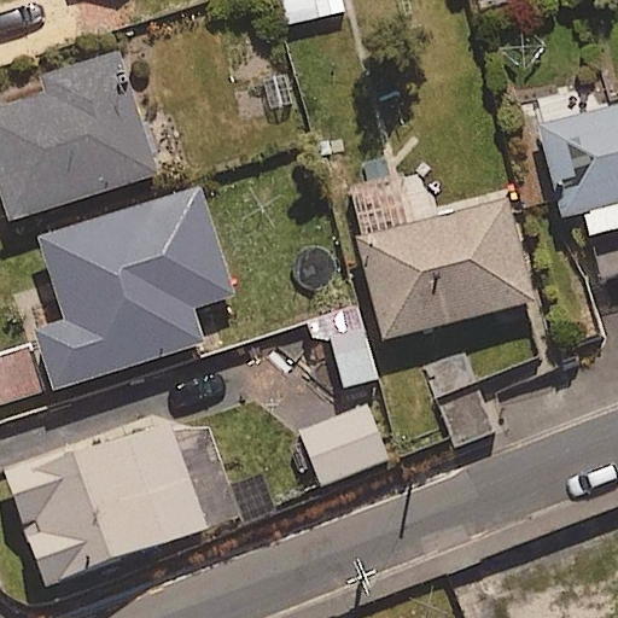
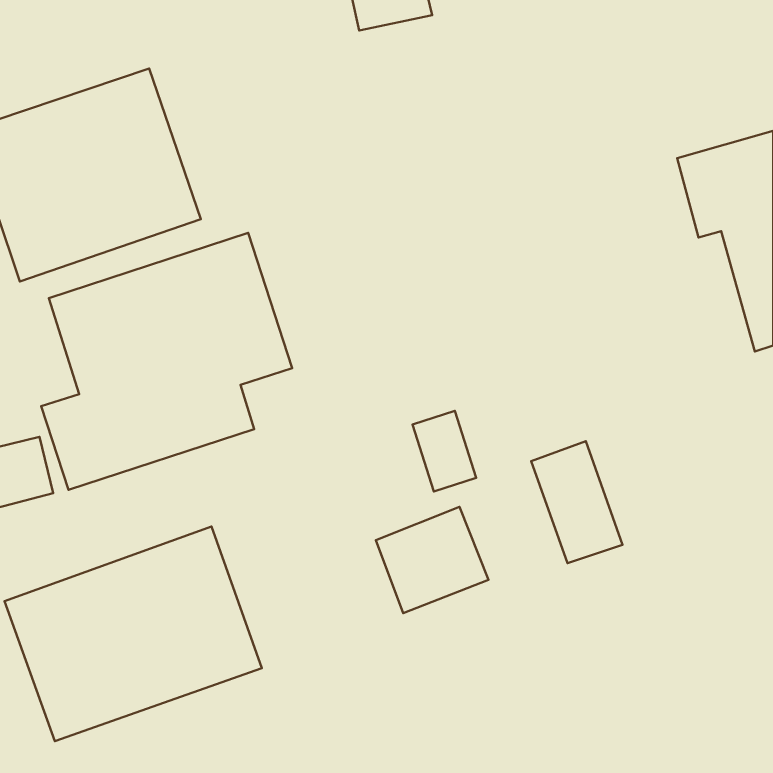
building: [357,193,536,342] -> none

